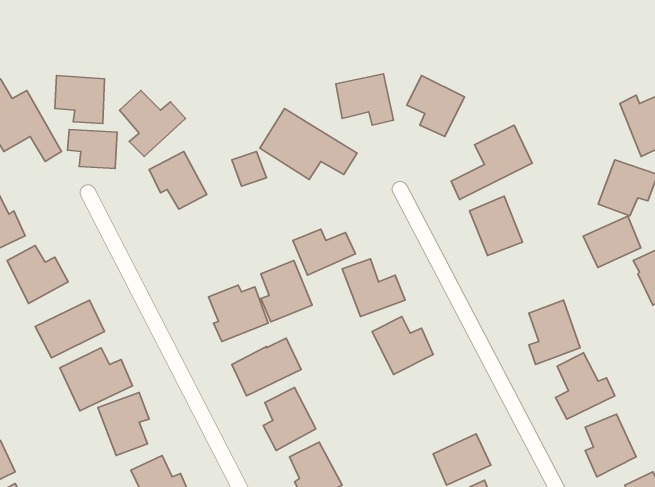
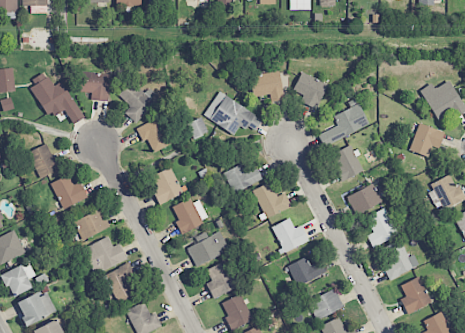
building: [67,129,117,168] -> none
building: [583,216,641,268] -> [347,184,382,215]
building: [261,261,312,322] -> [153,167,184,204]
building: none -> [288,257,327,287]

